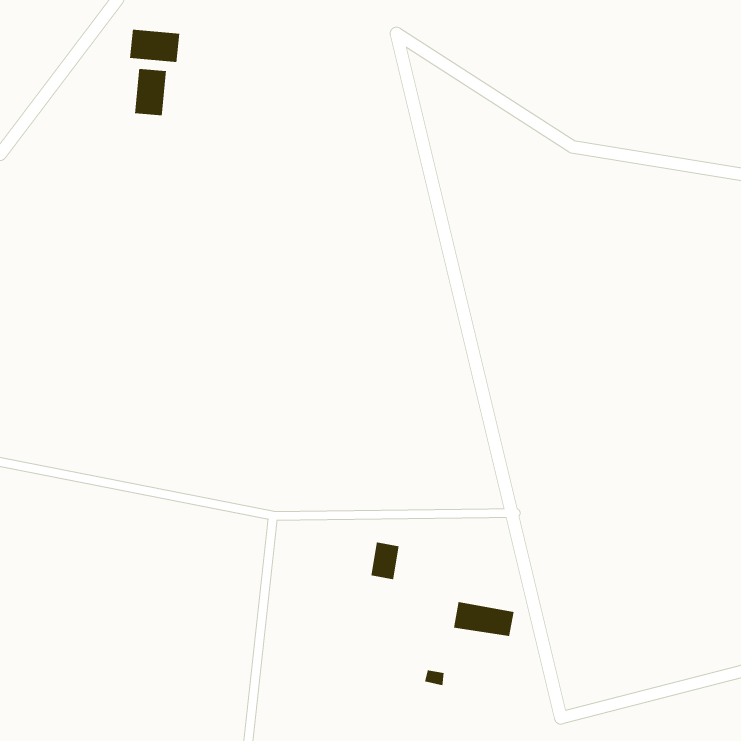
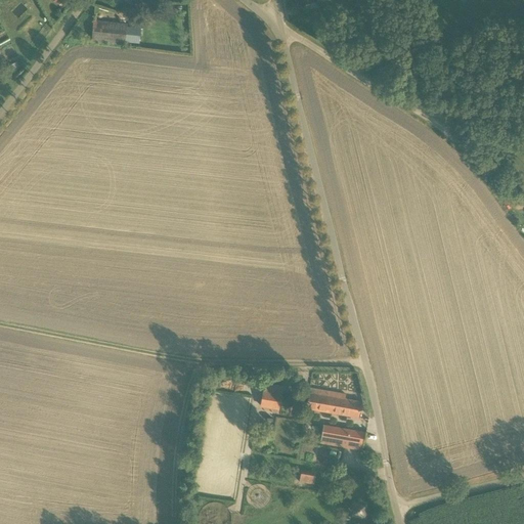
building: [135,68,166,116] -> none
building: none -> [307,389,362,417]

